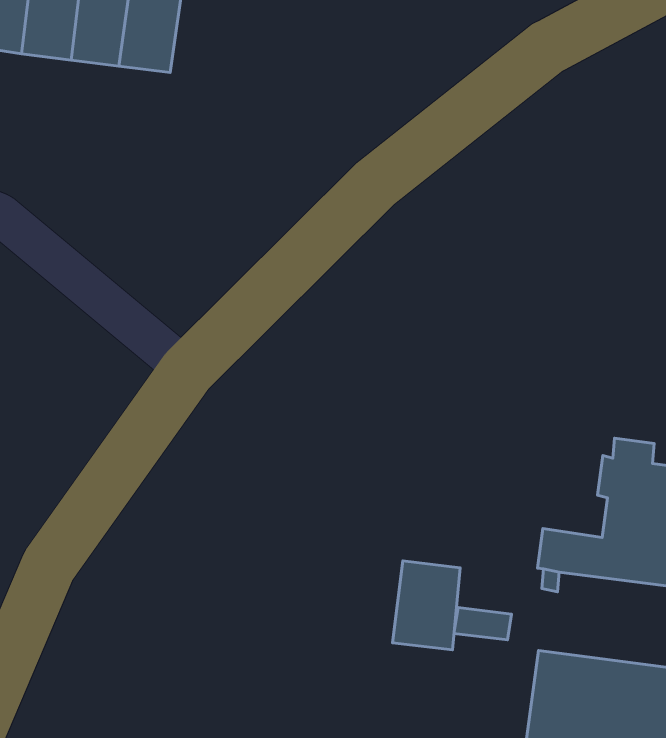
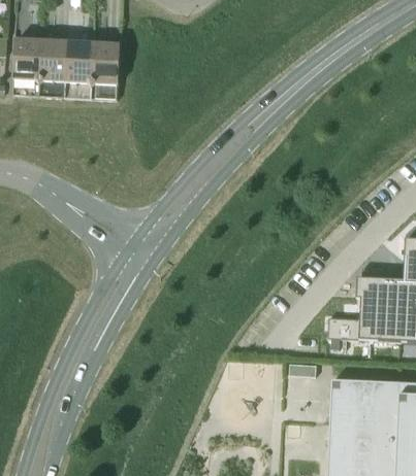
building: [393,561,460,650] -> none

